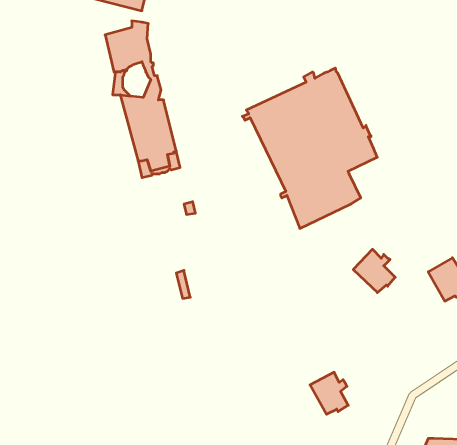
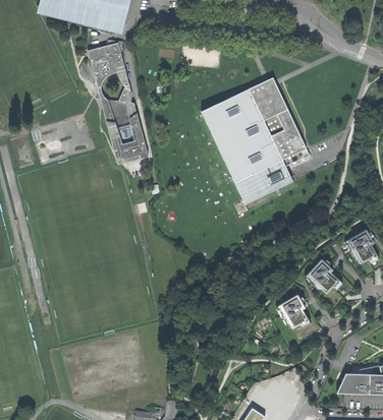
building: [353,249,395,293] -> [306,258,339,293]
building: [310,372,348,414] -> [278,294,309,327]

